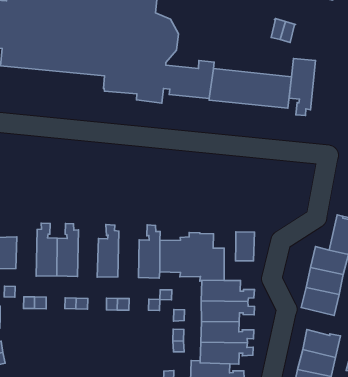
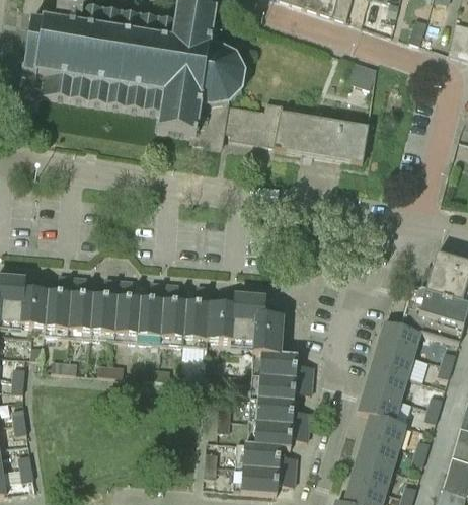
building: [289,59,316,116] -> none
building: none -> [46,274,73,335]
building: none -> [115,279,142,340]
building: none -> [161,282,187,343]
building: [235,232,255,261] -> none
building: none -> [360,387,402,421]

